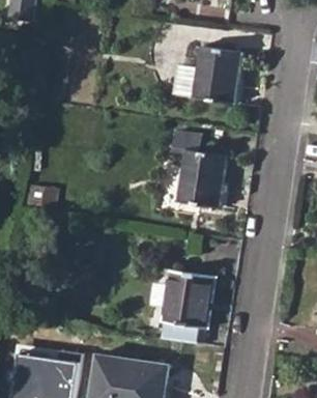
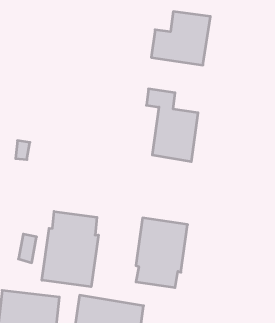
building: none -> [42,211,98,287]

